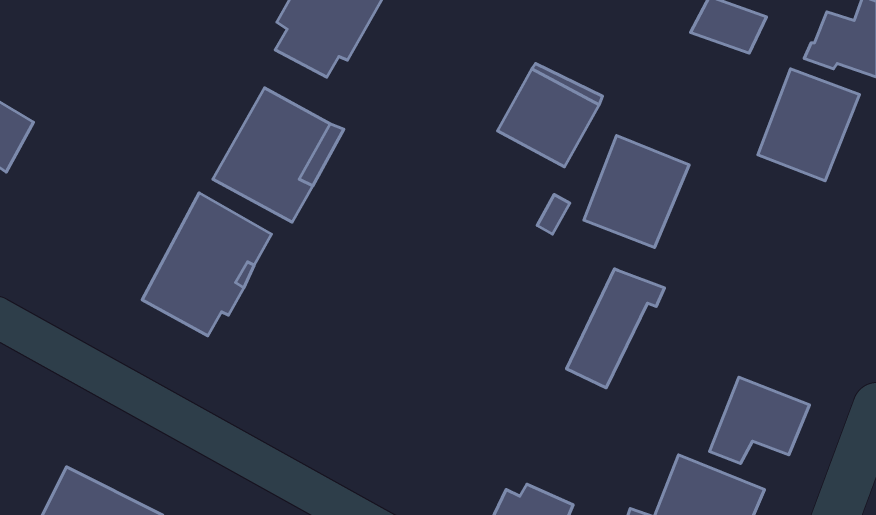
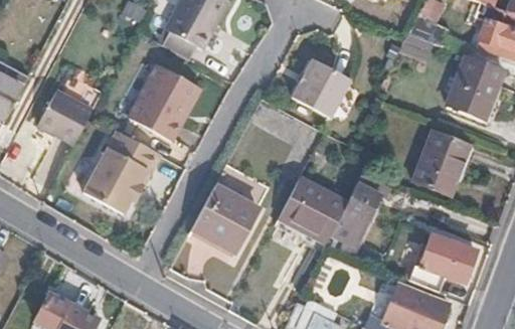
building: none -> [41,89,94,143]
building: [584,136,689,248] -> [414,129,476,194]
building: none -> [278,176,328,231]
building: none -> [191,184,256,249]

